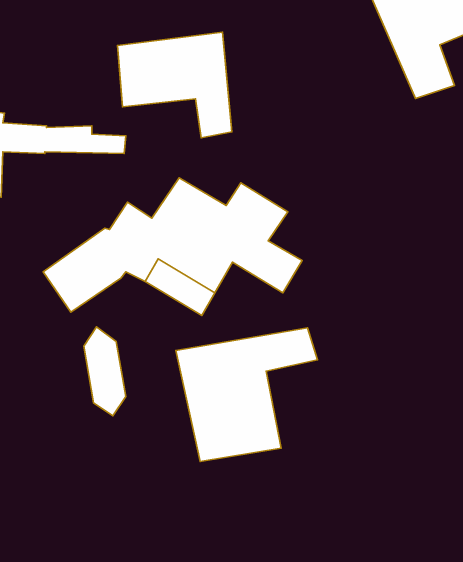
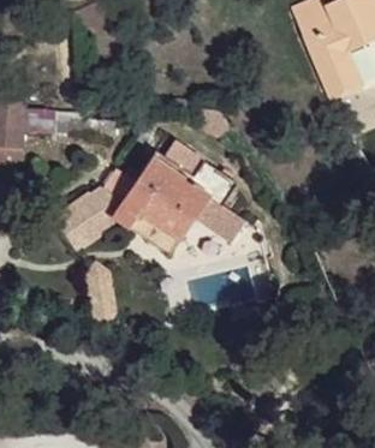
building: [117,32,232,138] -> none
building: [176,328,317,461] -> none

